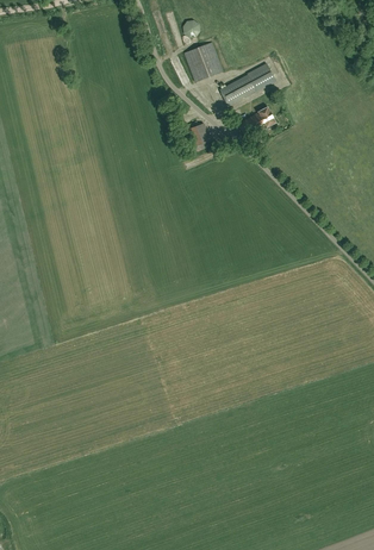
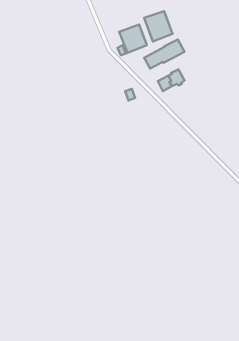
building: none -> [144,11,172,41]

